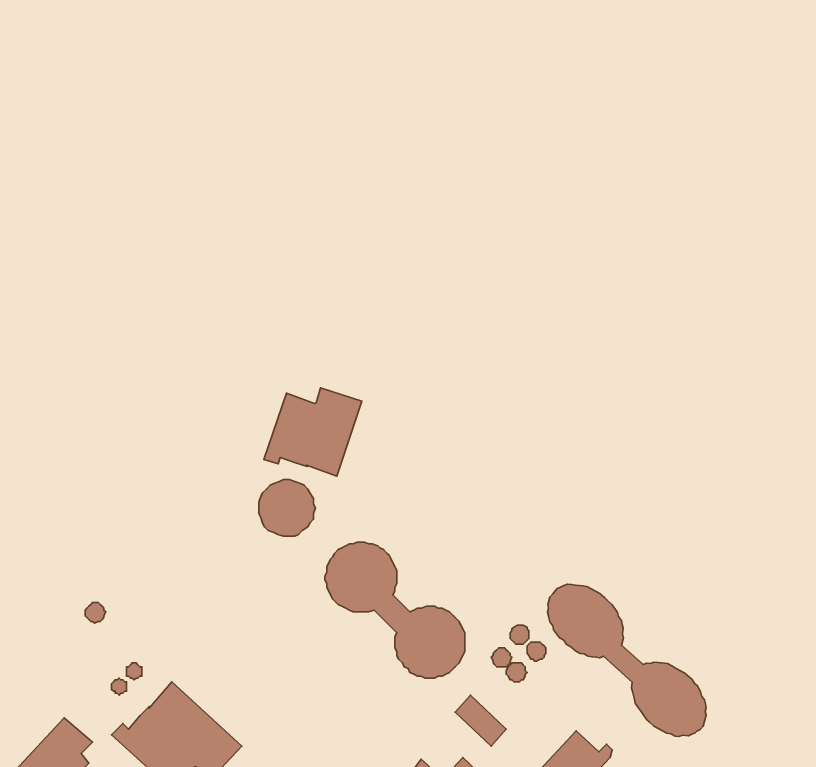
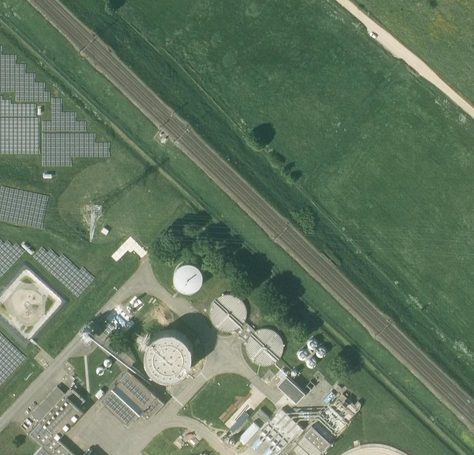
building: [264,388,362,476] -> none
building: [548,584,706,737] -> none
building: none -> [144,331,192,378]

